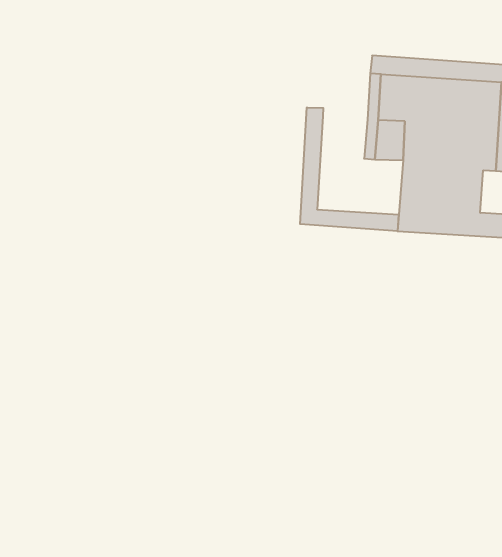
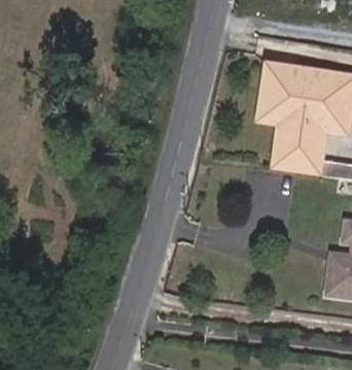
building: [300,107,398,231] -> none

